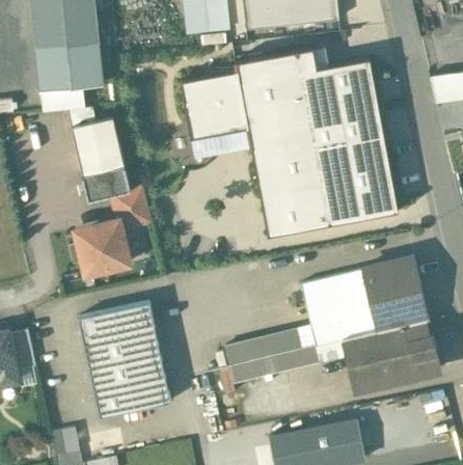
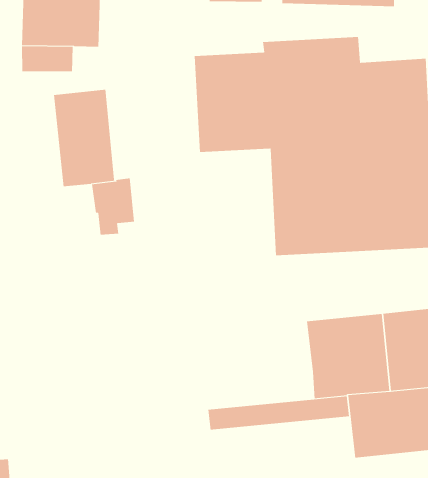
building: [75,219,130,274] -> none
building: [79,302,170,417] -> none
building: [224,325,315,366] -> none

